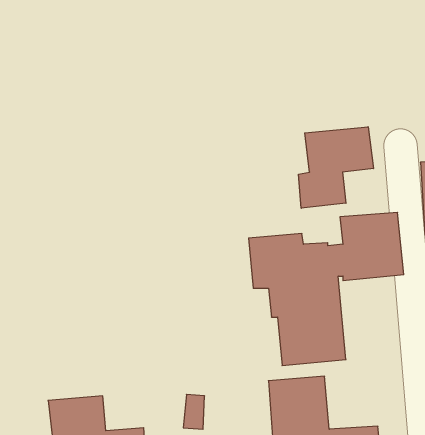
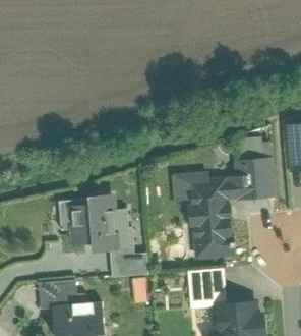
building: [299,127,373,208] -> none
building: none -> [57,193,145,276]

